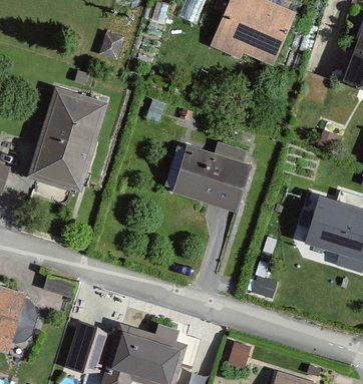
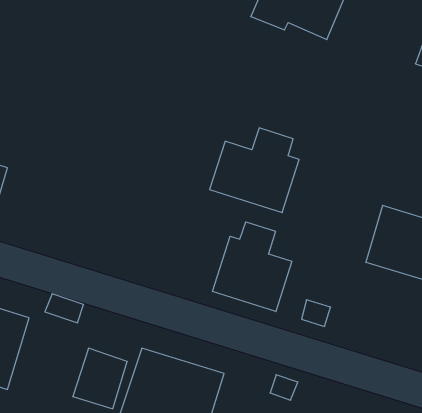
building: [27,84,105,186] -> none
building: none -> [213,222,292,312]

